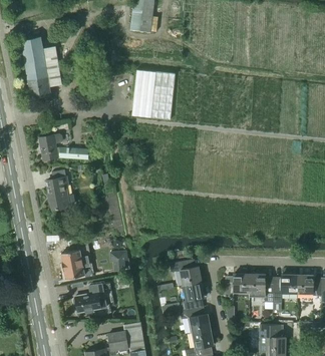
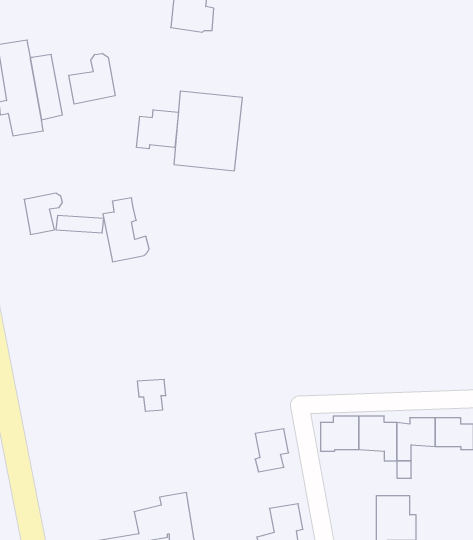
building: none -> [69,53,115,104]
building: none -> [137,110,178,149]
building: [46,169,75,210] -> [103,198,149,262]
building: [61,250,88,279] -> none
building: [170,259,202,285] -> none
building: [73,282,114,313] -> none
building: [180,306,211,333] -> none

